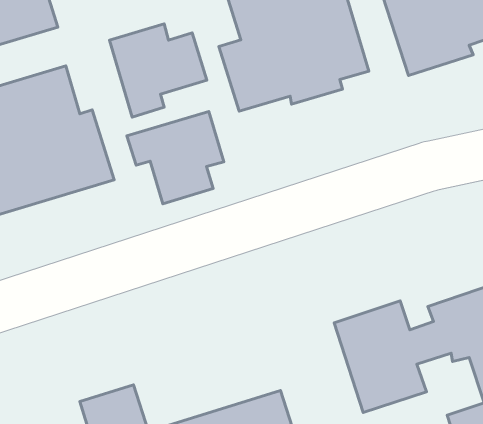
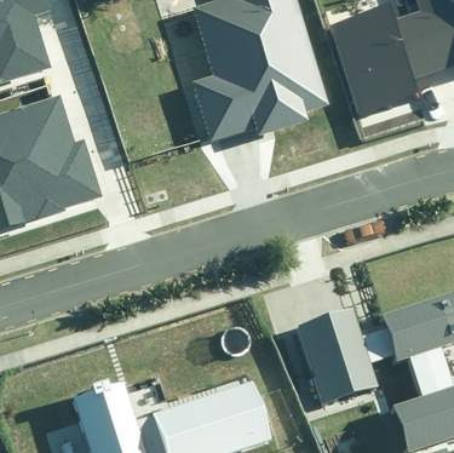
building: [109,24,207,117] -> none
building: [127,112,224,204] -> none

